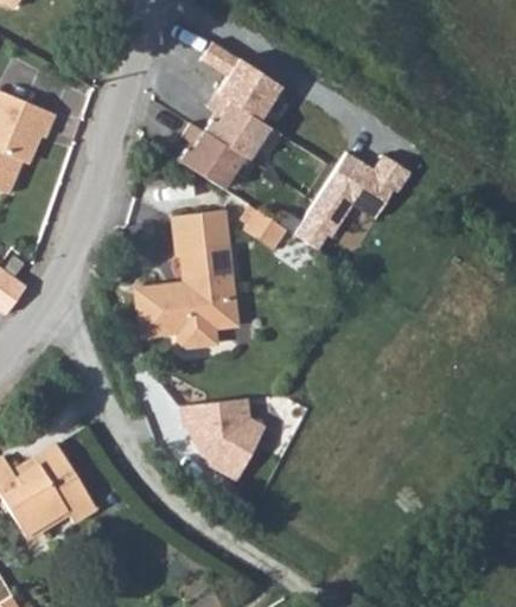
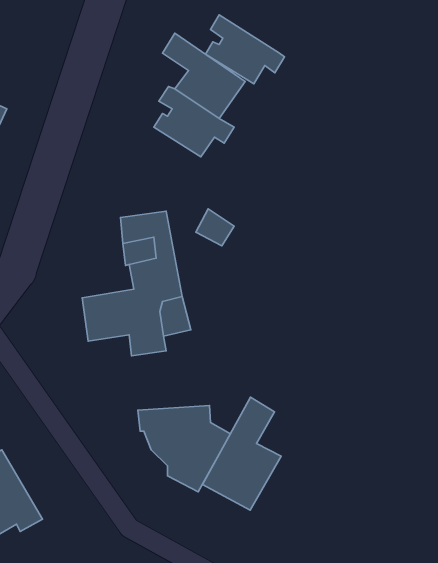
building: [172,124,248,191] -> [205,15,285,84]
building: [299,153,409,247] -> none
building: none -> [202,397,281,510]

